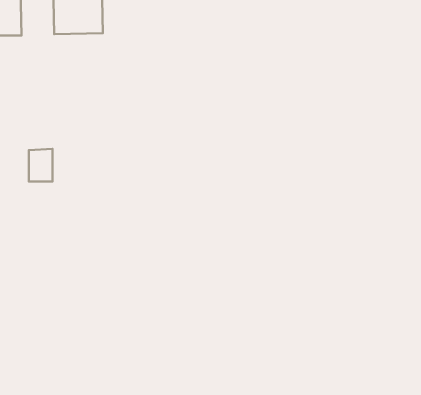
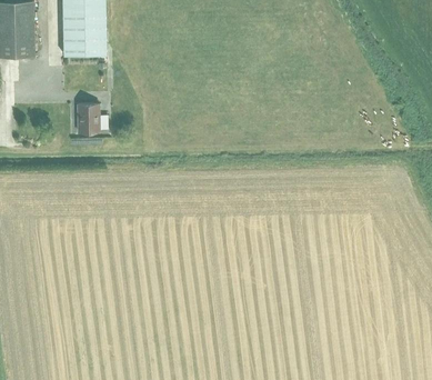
building: [29,149,53,181] -> [78,104,99,133]

